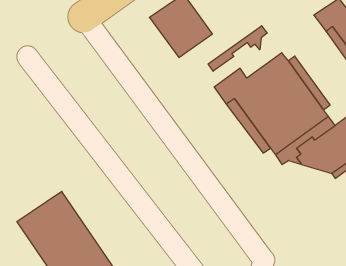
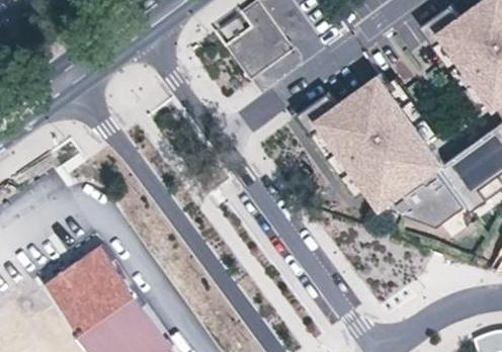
building: [208,26,267,71] -> none

